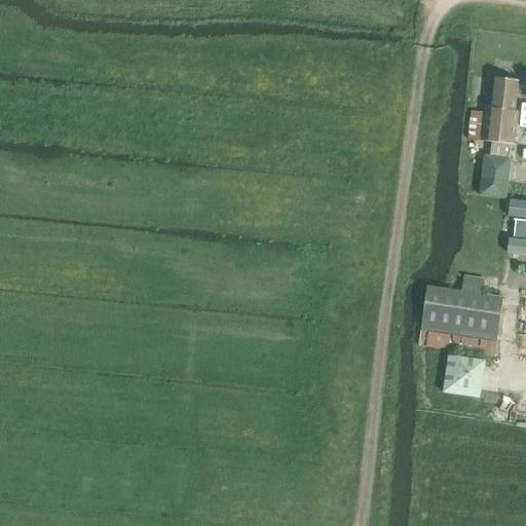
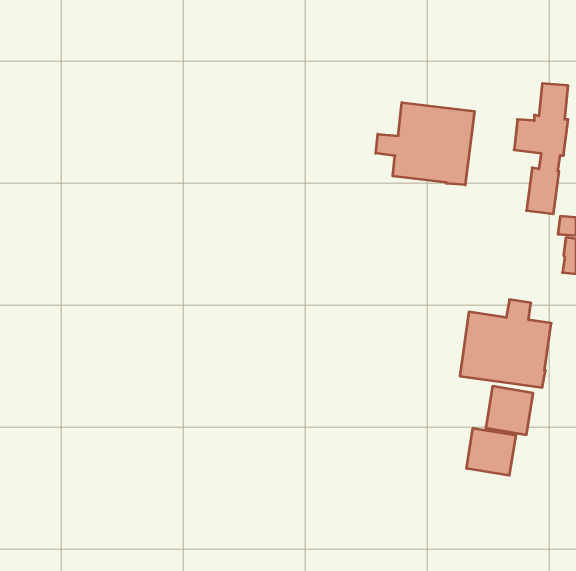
building: none -> [376,102,474,185]
building: none -> [467,428,516,475]

